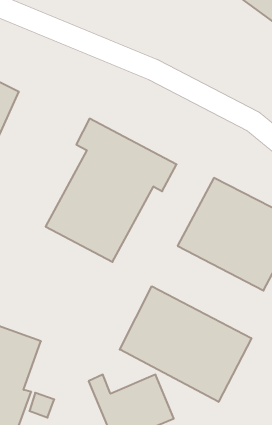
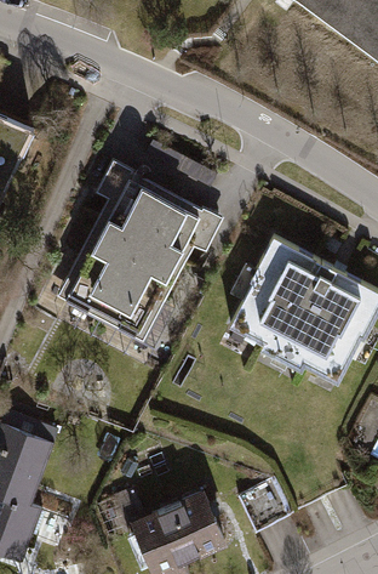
building: [120,286,251,402] -> none

